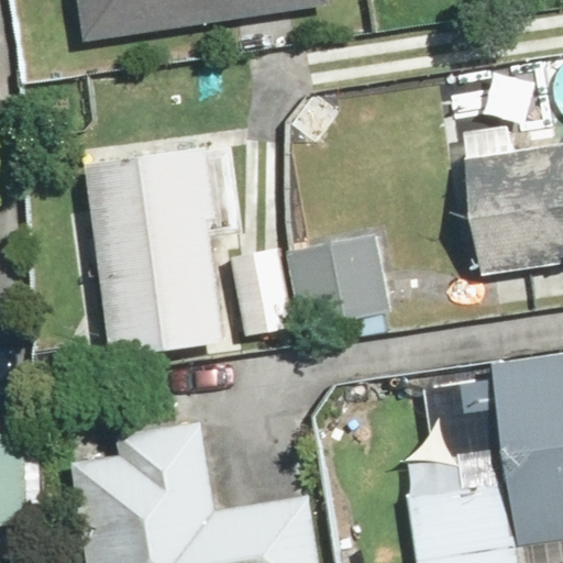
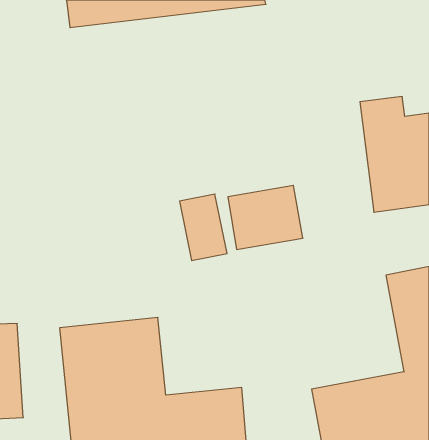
building: [89,146,230,358] -> none

